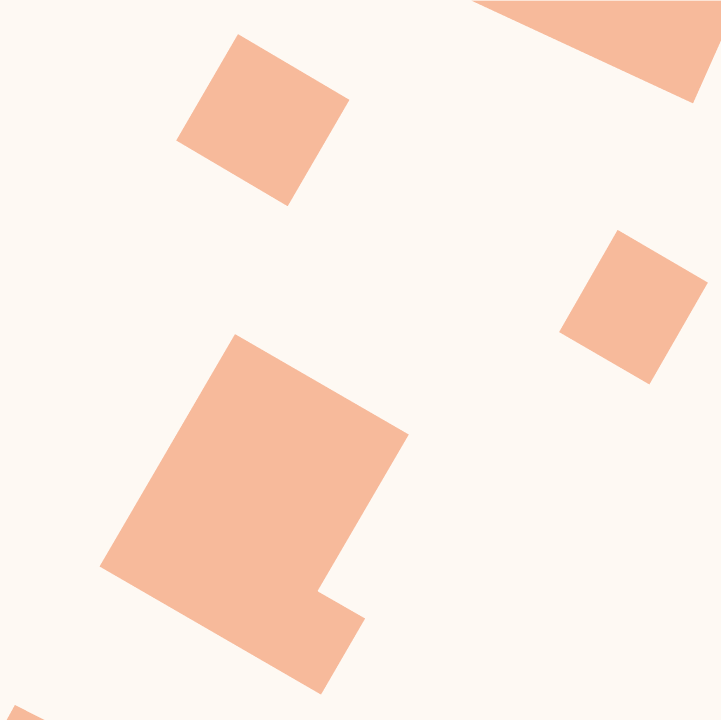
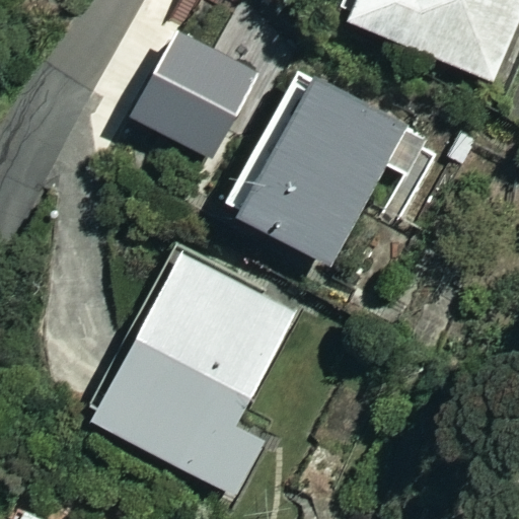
building: none -> [217,61,405,262]
building: [558,229,709,386] -> none

